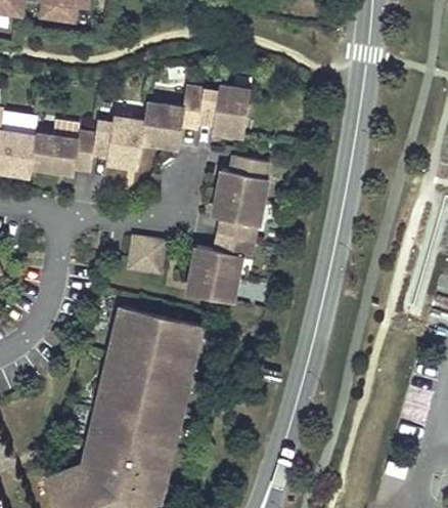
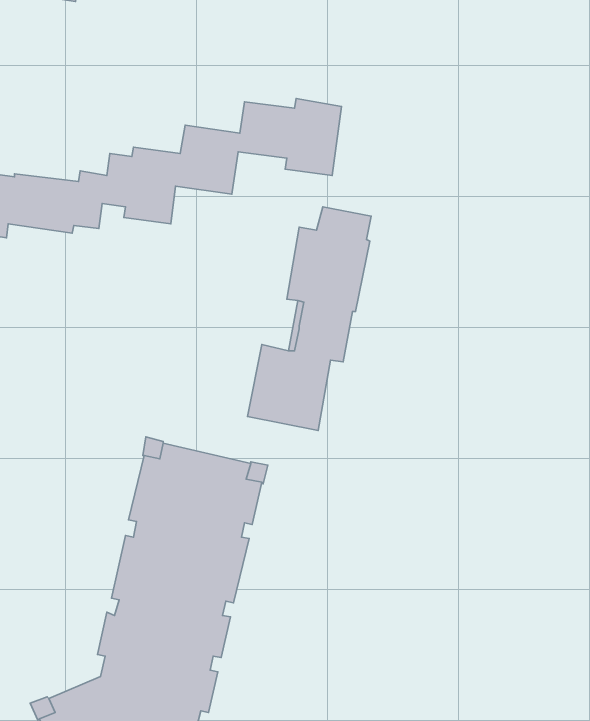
building: [129,237,164,271] -> none

